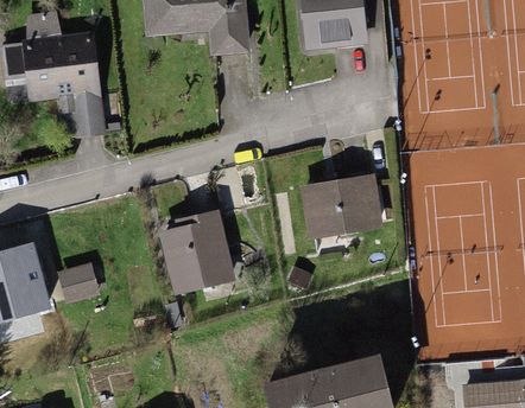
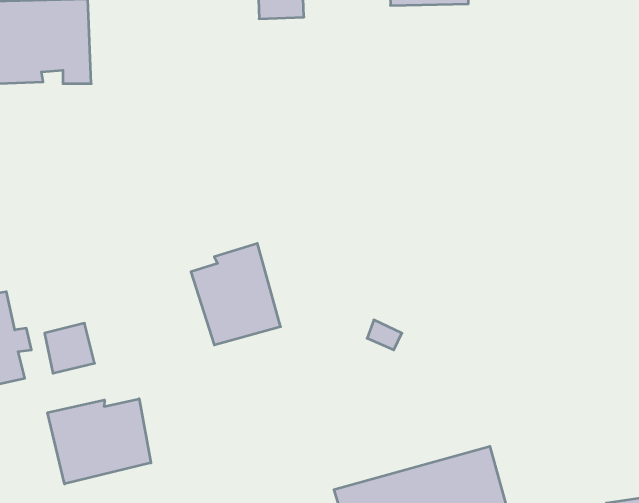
building: [305,174,380,234] -> none
building: none -> [48,399,151,484]

